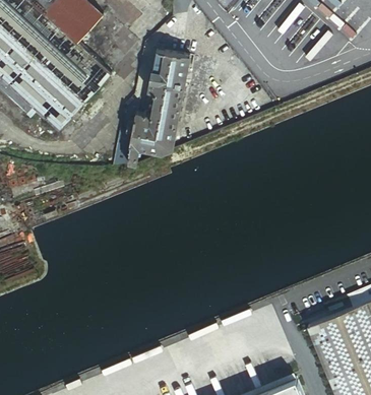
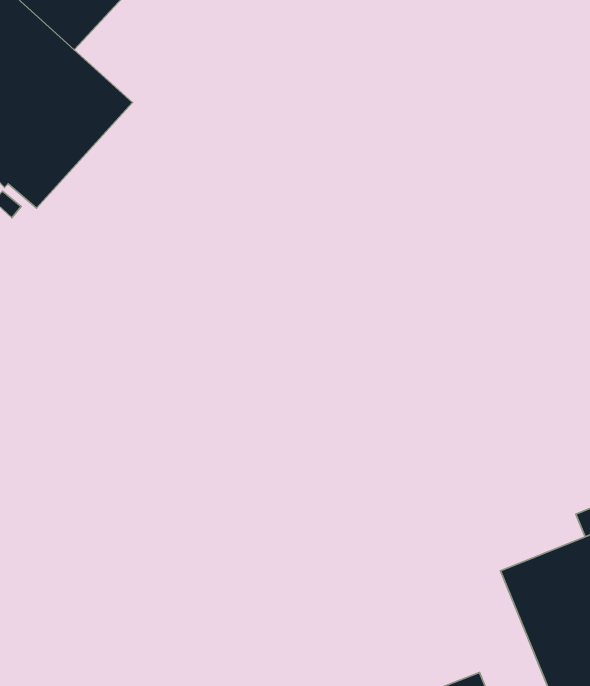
building: [129,50,190,162] -> none

